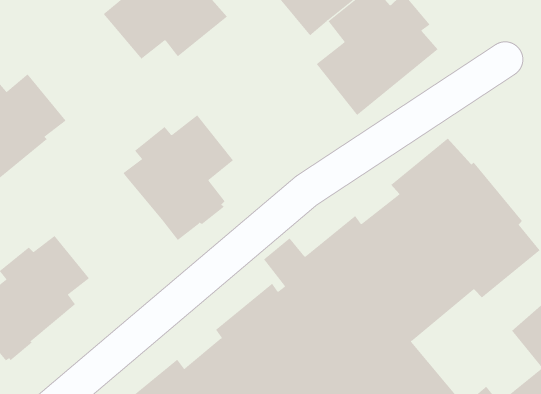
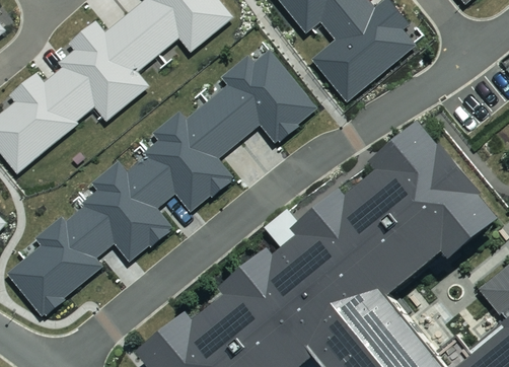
building: none -> [58,14,159,121]
building: none -> [208,50,316,142]
building: none -> [81,156,176,262]

